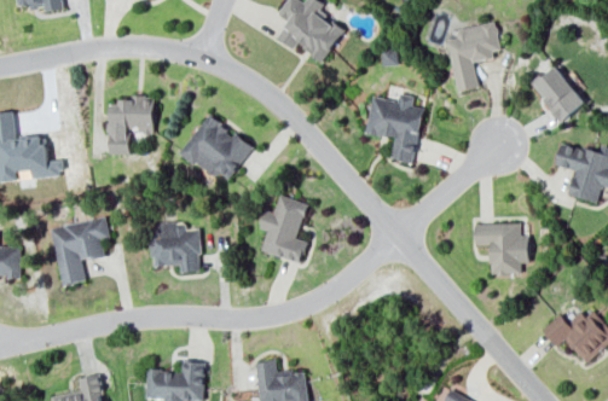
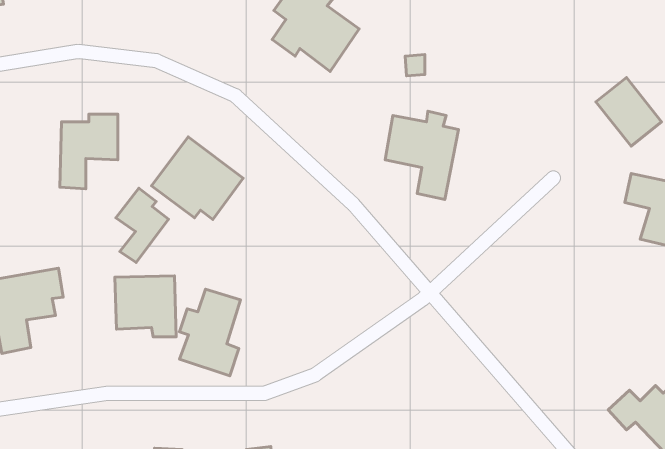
building: [446,21,500,92] -> none
building: none -> [116,188,169,263]
building: [259,194,307,263] -> [179,289,240,376]
building: [474,222,529,274] -> none

